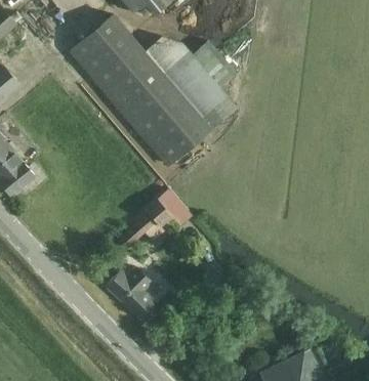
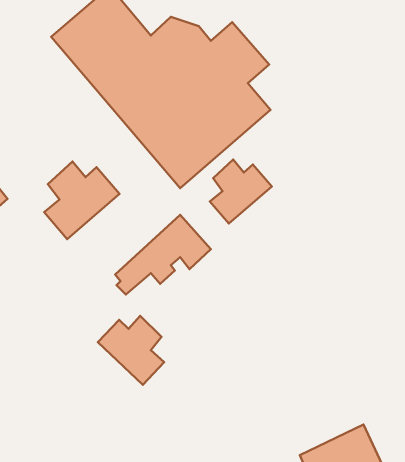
building: none -> [210,160,272,224]
building: none -> [44,161,119,239]

